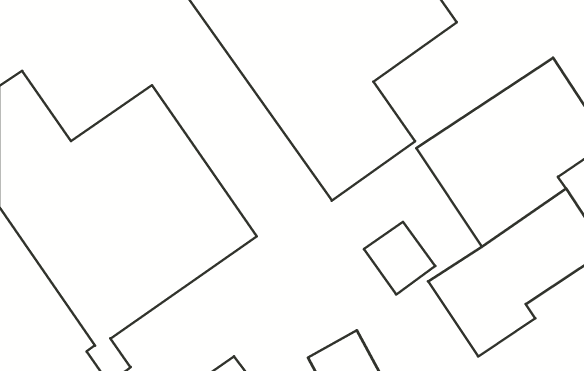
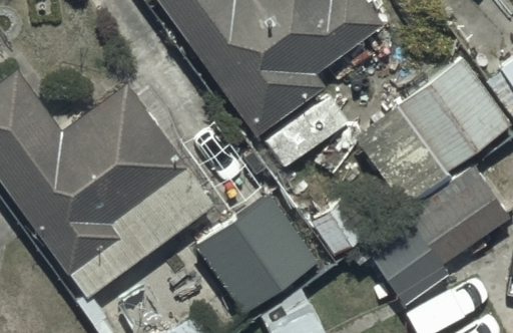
building: none -> [197,193,321,314]

